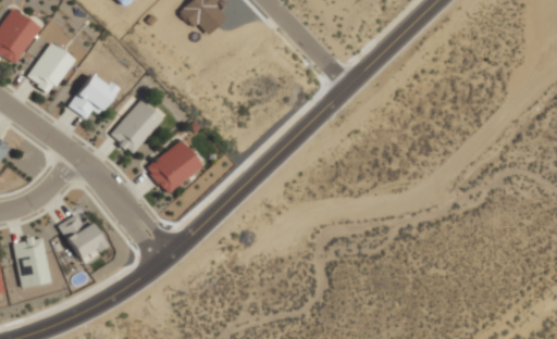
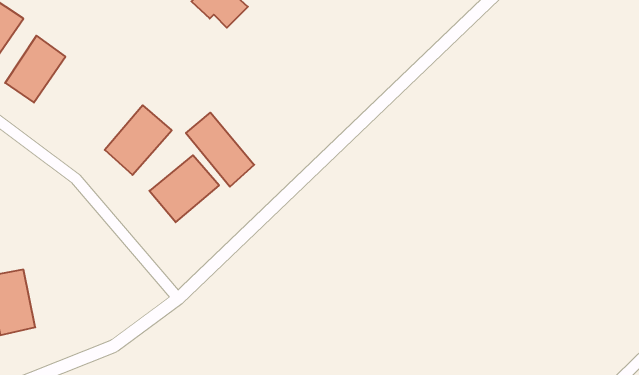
building: [70,71,116,117] -> none
building: none -> [186,113,254,187]
building: [59,214,106,260] -> none

